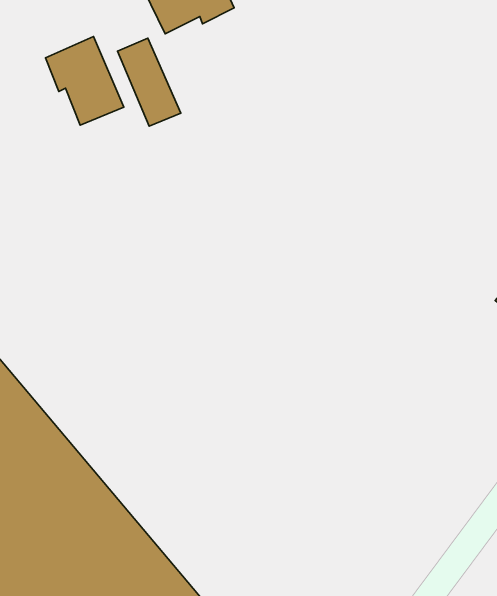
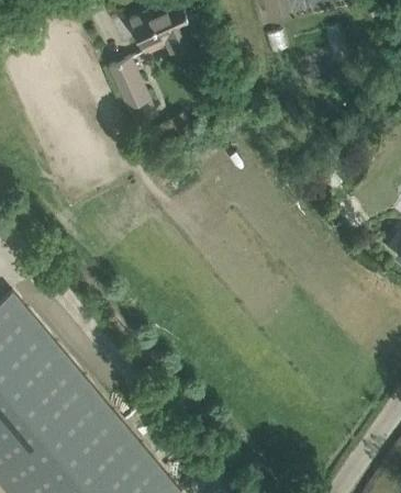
building: [45,37,124,125] -> none

